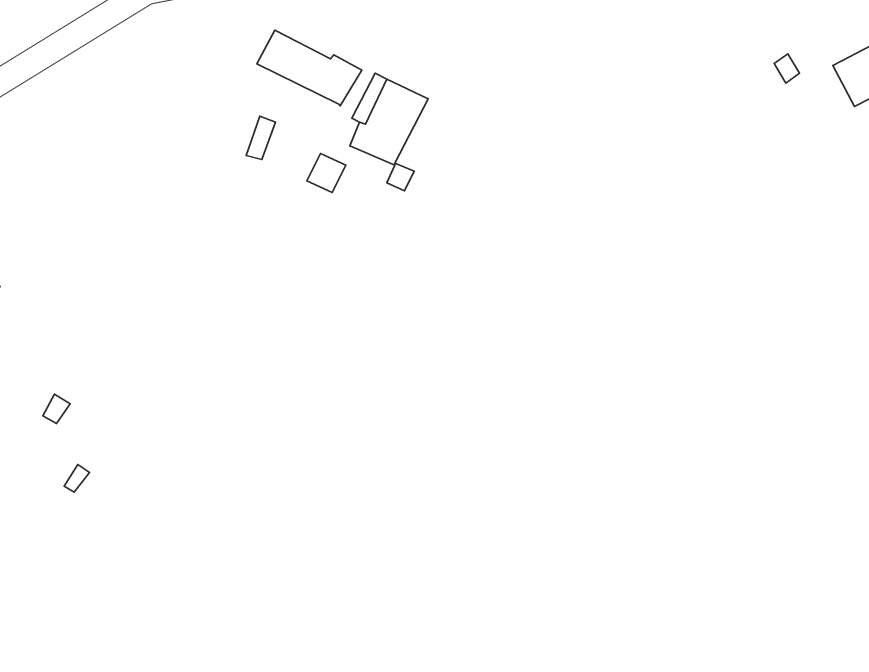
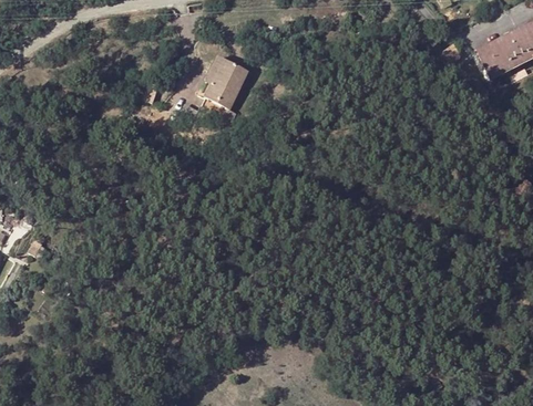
building: [257,30,362,106] -> none

